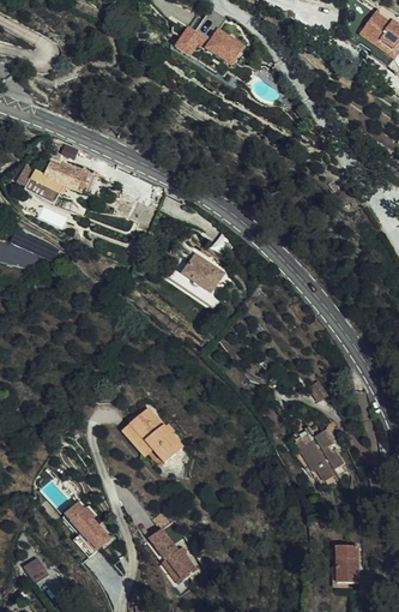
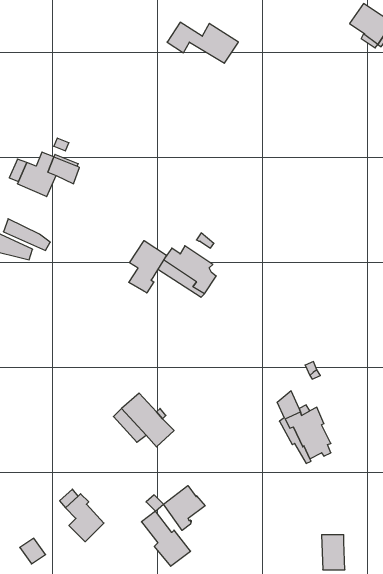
building: none -> [129,241,166,293]
building: none -> [164,486,205,530]

